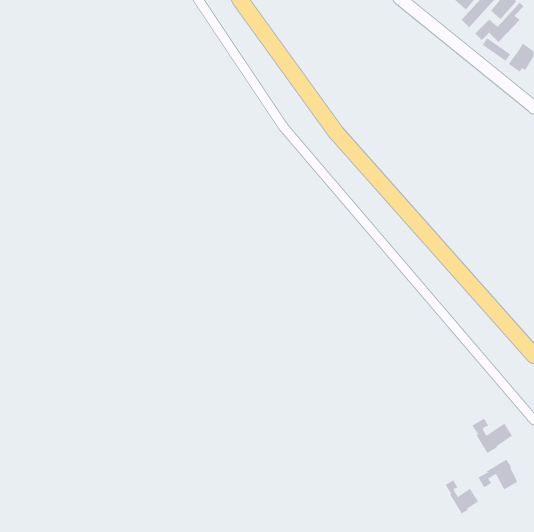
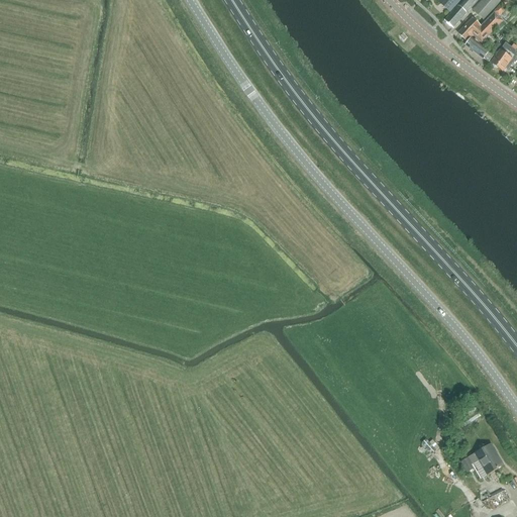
building: [472,418,513,454] -> none
building: [445,479,479,514] -> none

